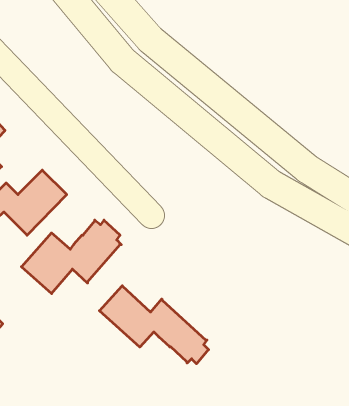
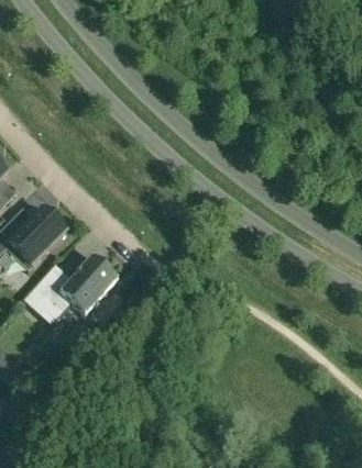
building: [99,286,209,364] -> none

